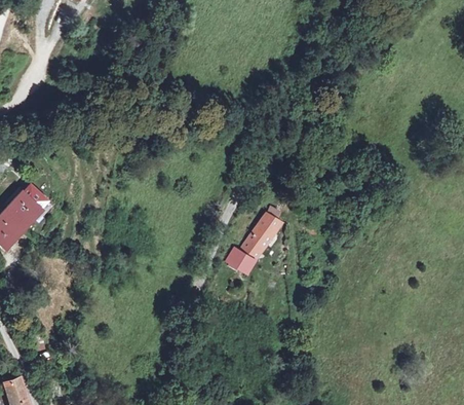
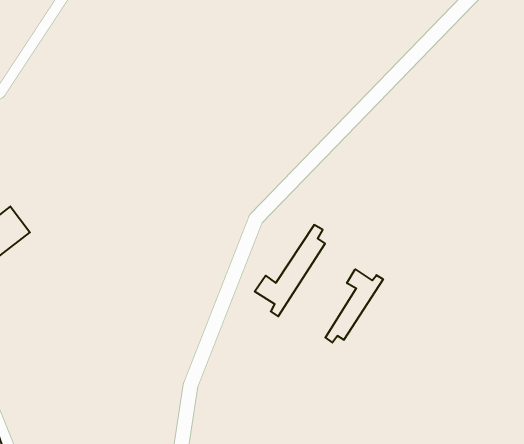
building: none -> [325,269,383,343]

